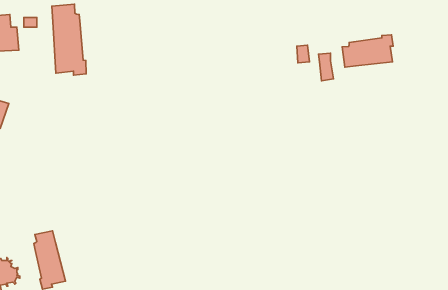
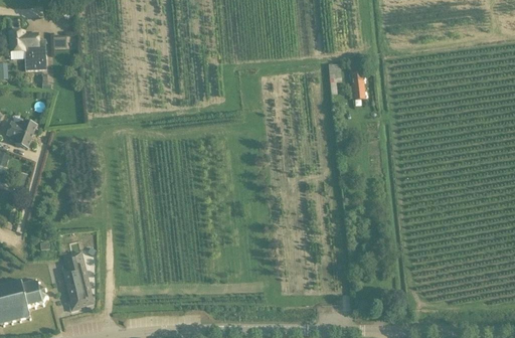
building: [52,4,86,75] -> none
building: [342,35,393,67] -> none

